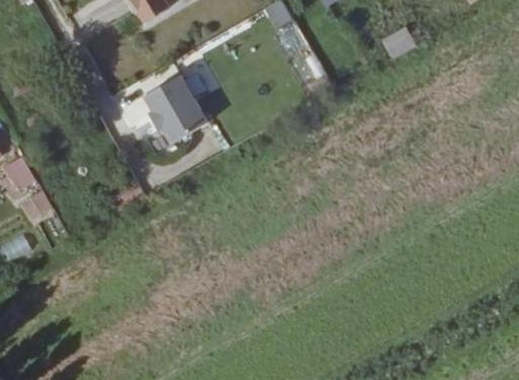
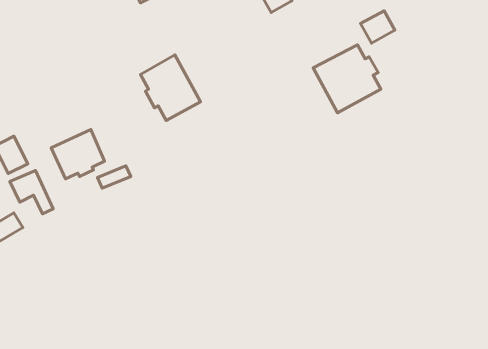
building: none -> [313,45,381,113]
building: none -> [51,130,105,179]

